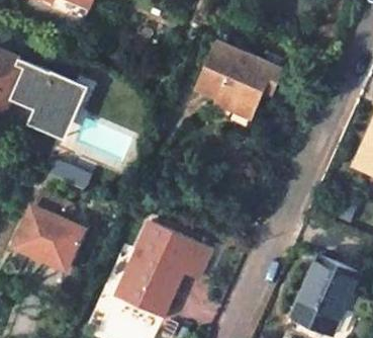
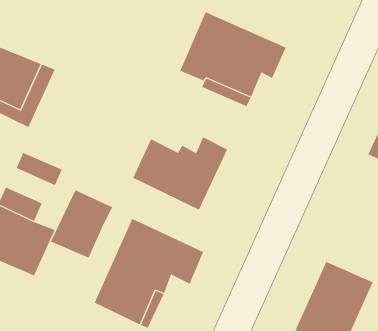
building: none -> [133,136,228,211]
building: none -> [50,190,113,258]

